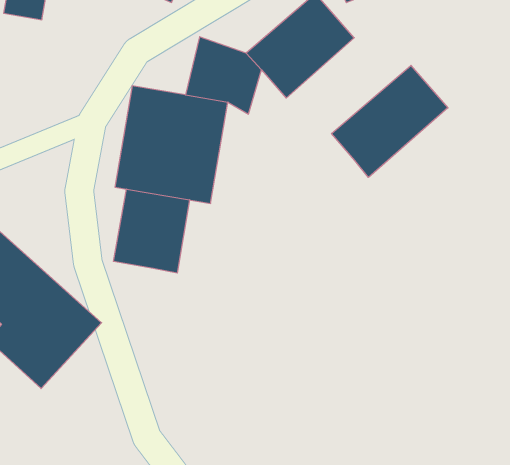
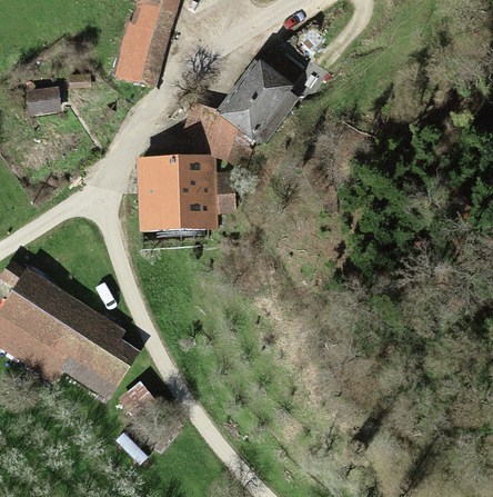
building: [332,65,448,177] -> none
building: [113,189,189,273] -> none

